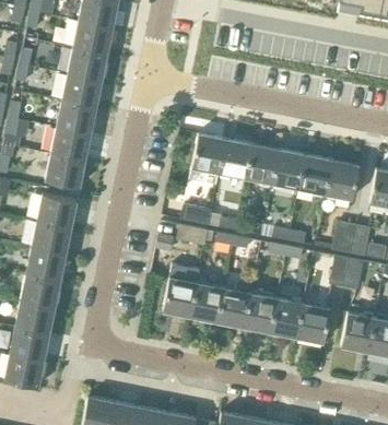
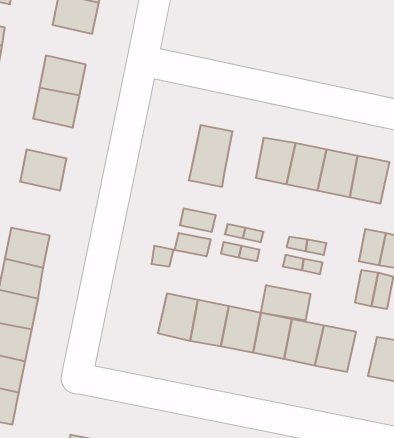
building: [67,48,106,82] -> none
building: [50,128,90,162] -> none
building: [219,139,251,178] -> none
building: [37,193,75,227] -> none
building: none -> [261,285,310,320]

